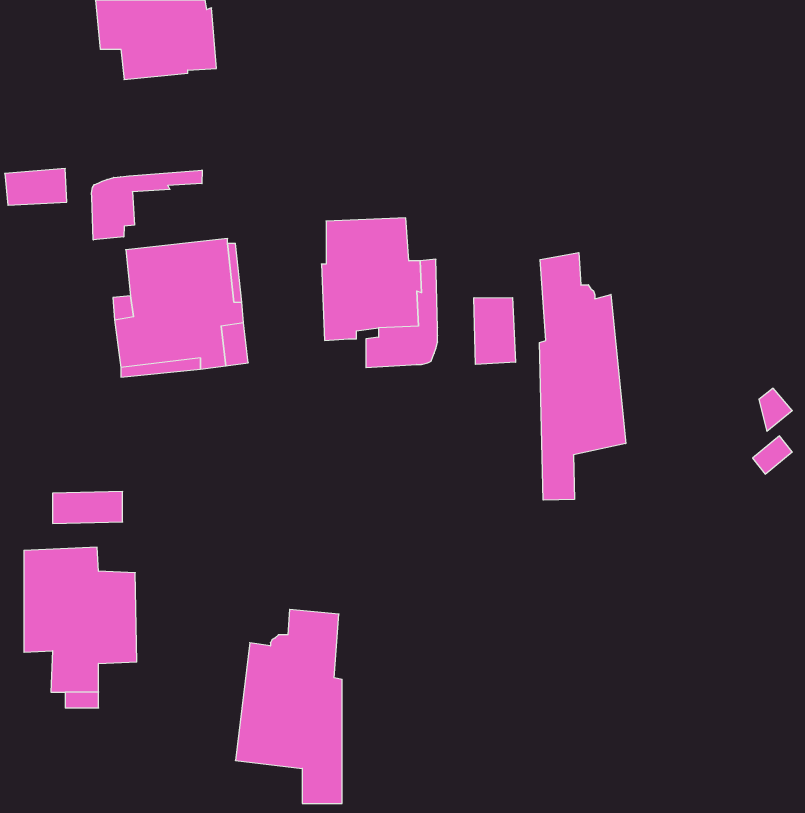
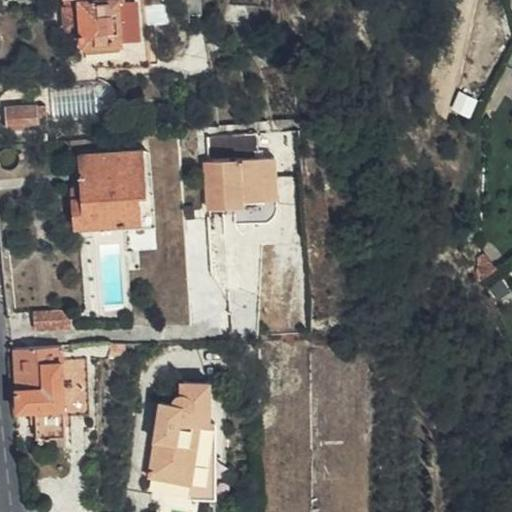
building: [91,170,202,240] -> none
building: [540,253,626,500] -> none
building: [474,298,516,364] -> none

